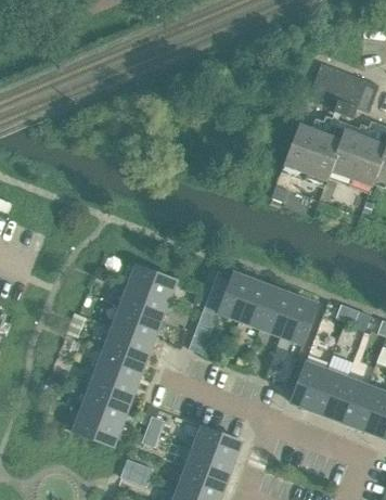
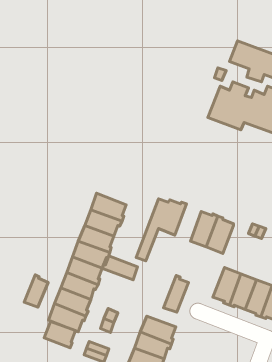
building: [240,279,274,328] -> none
building: none -> [103,256,138,280]
building: none -> [24,275,48,307]
building: none -> [163,276,189,312]
building: none -> [44,322,75,348]

